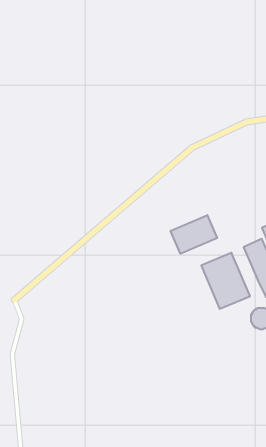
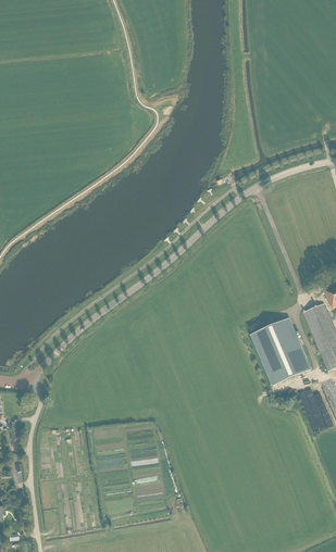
building: [171,215,217,254] -> none

